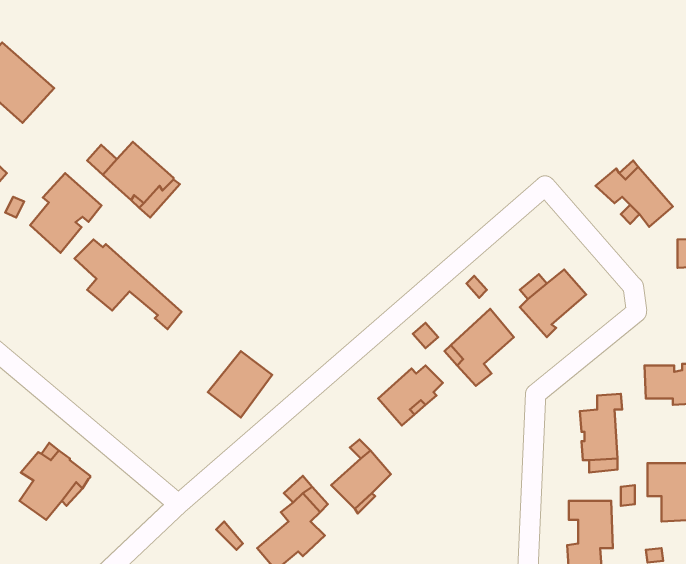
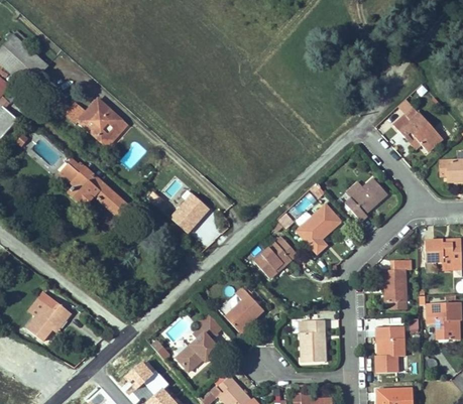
building: [30,173,102,253] -> none
building: [208,351,272,417] -> [168,190,210,233]
building: none -> [301,319,326,361]

